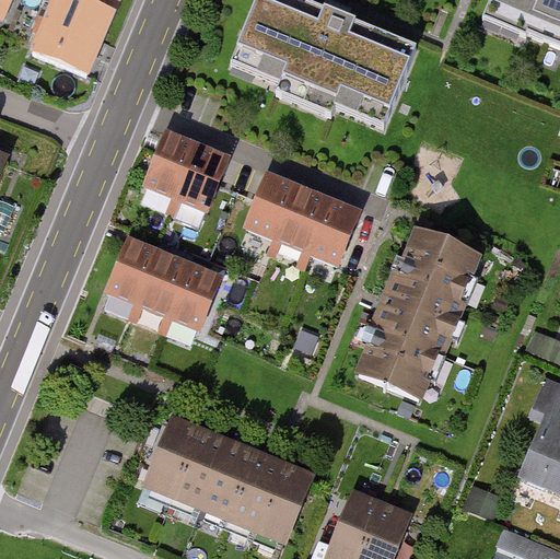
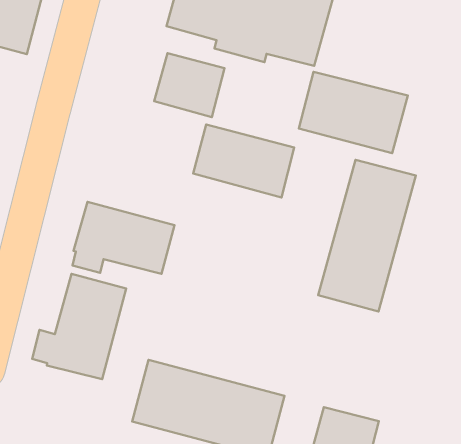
building: none -> [299,72,408,153]
building: [145,131,225,206] -> [154,53,225,117]
building: none -> [32,274,126,379]

